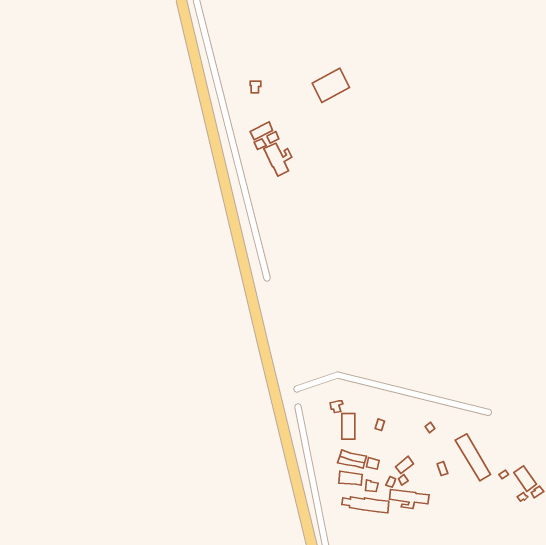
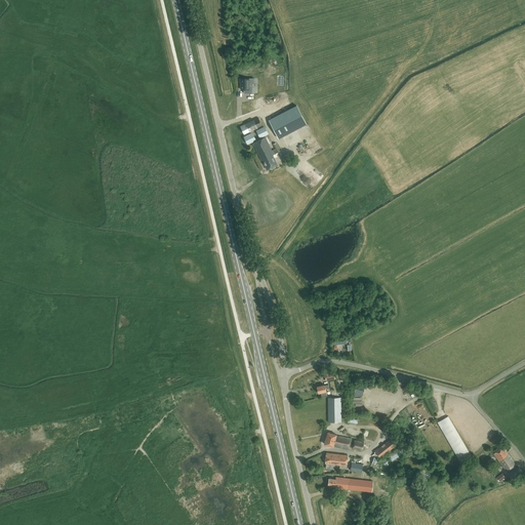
building: [312,68,350,102] -> [270,106,306,138]
building: [390,489,429,509] -> none

